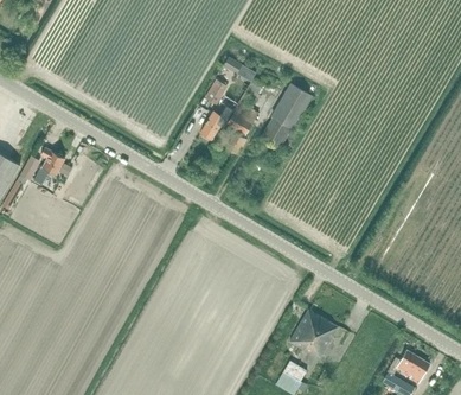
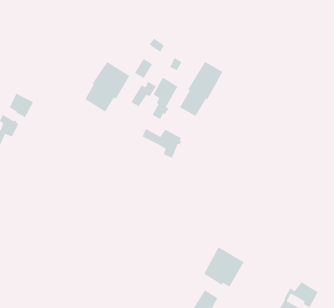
building: none -> [84,61,130,113]
building: none -> [9,93,34,118]
building: none -> [142,128,182,159]

